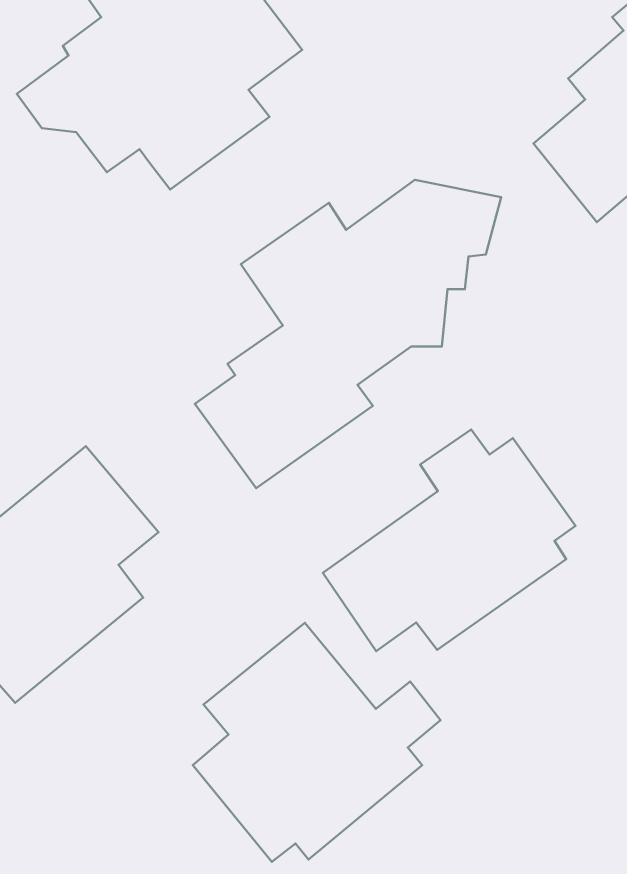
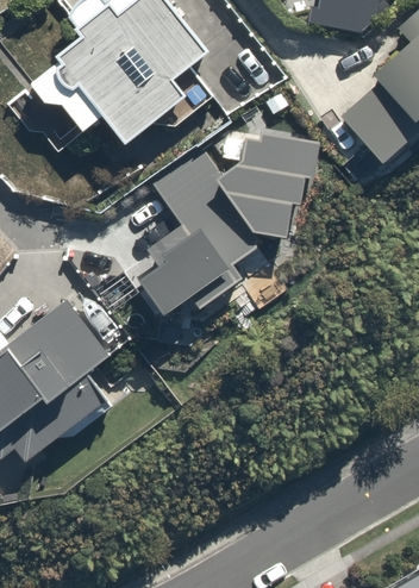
building: [323,430,576,651] -> none
building: [193,623,441,862] -> none

